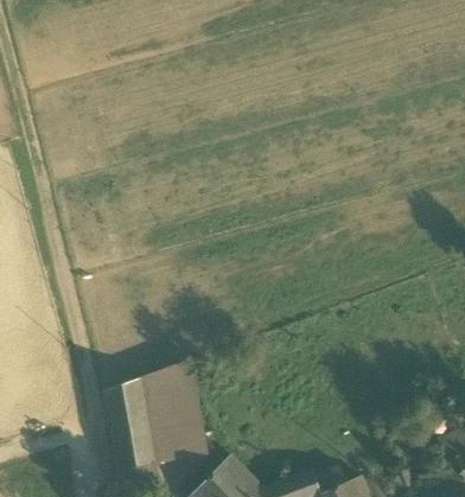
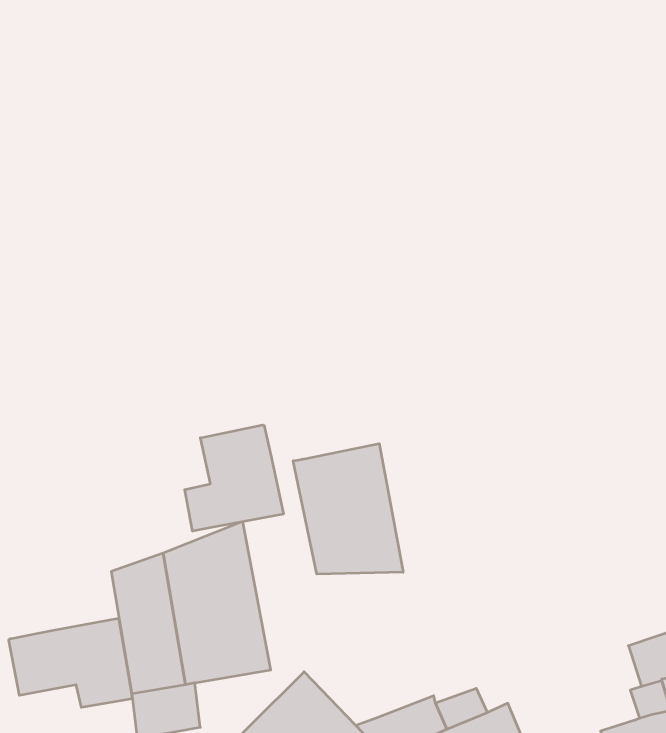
building: none -> [185,425,283,531]
building: none -> [293,444,403,574]
building: none -> [9,618,132,707]

